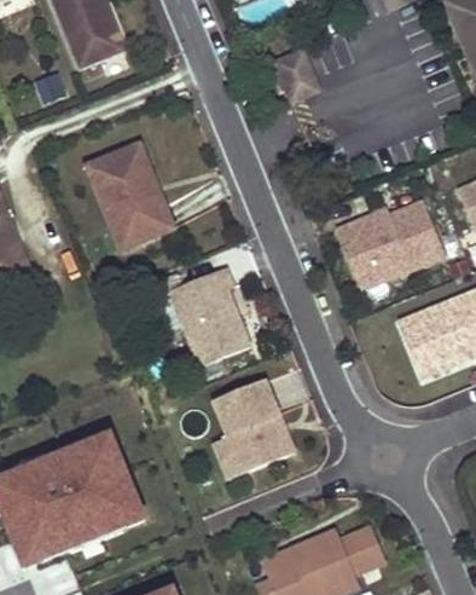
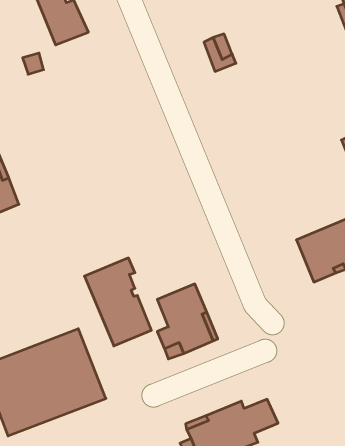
building: [81,139,175,254] -> none
building: [339,200,448,287] -> none
building: [163,248,251,364] -> [84,258,151,346]

